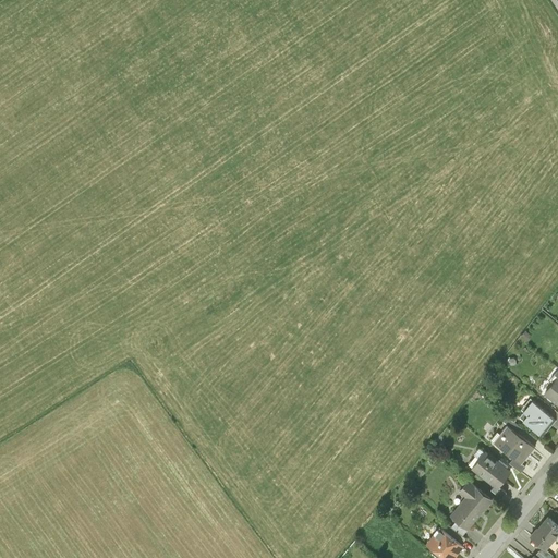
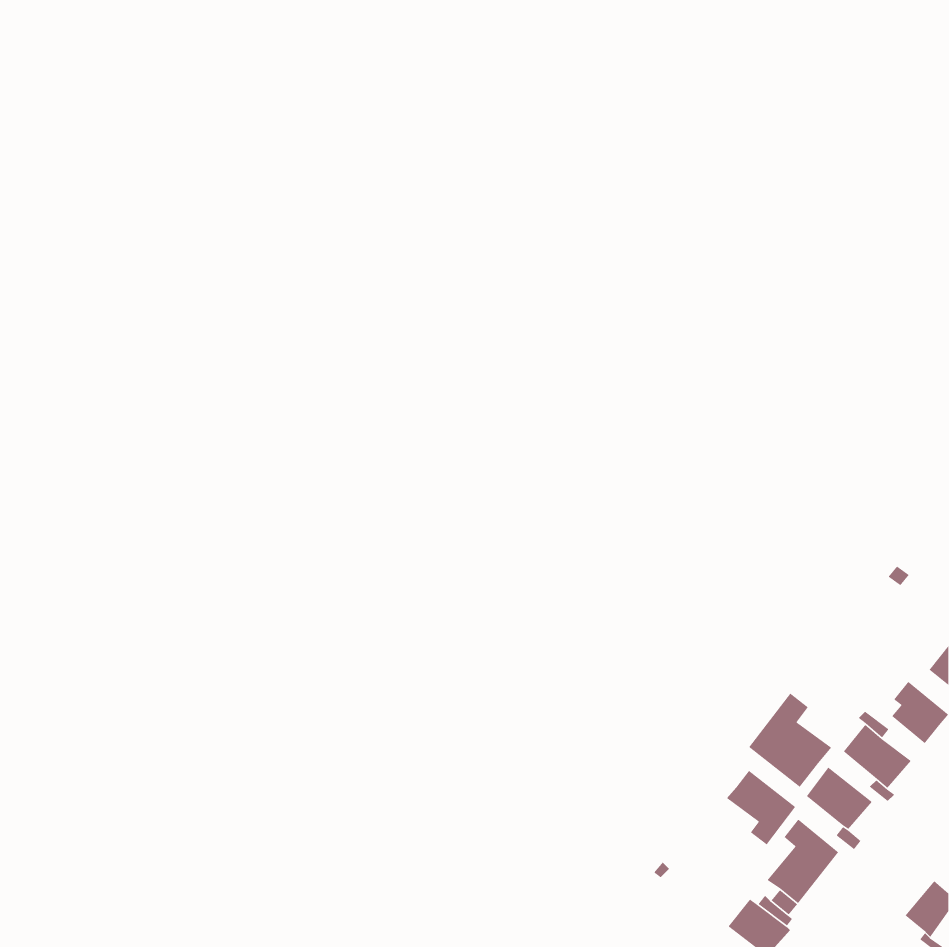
building: none -> [748,693,832,788]
building: none -> [726,770,796,846]

